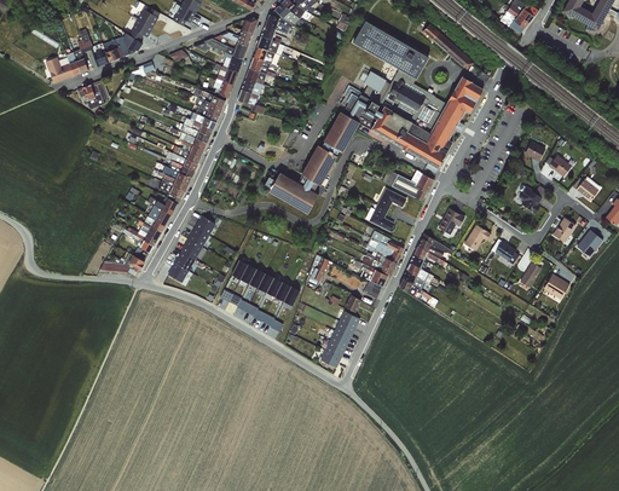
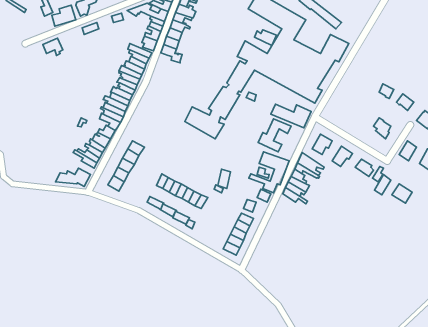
building: [47,57,92,81] -> none

